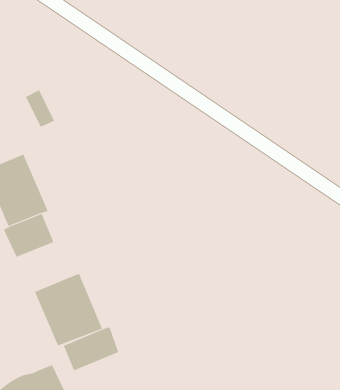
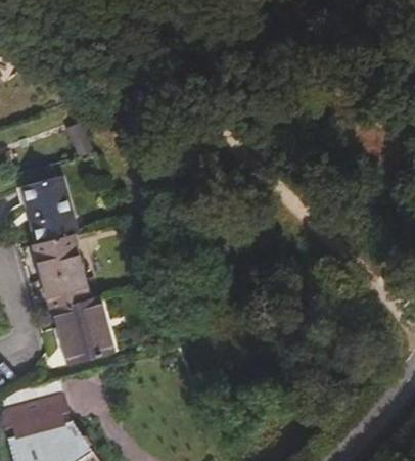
building: none -> [41,268,89,313]
building: [63,327,119,371] -> none

